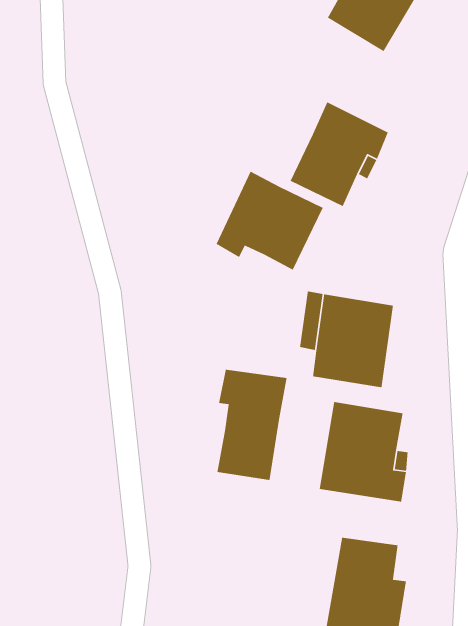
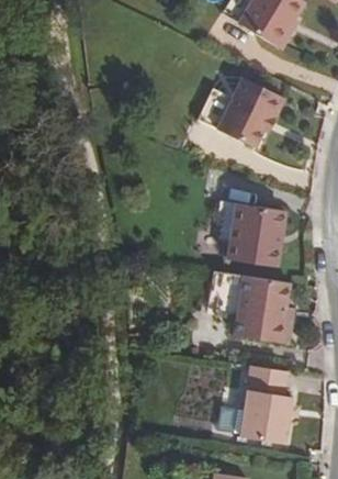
building: [215,170,324,271] -> none
building: [216,369,287,481] -> none

